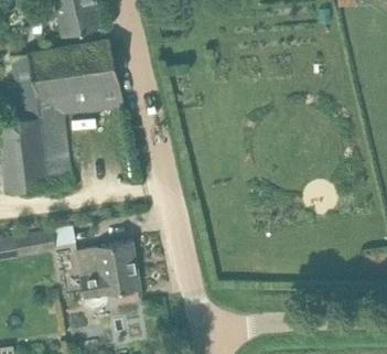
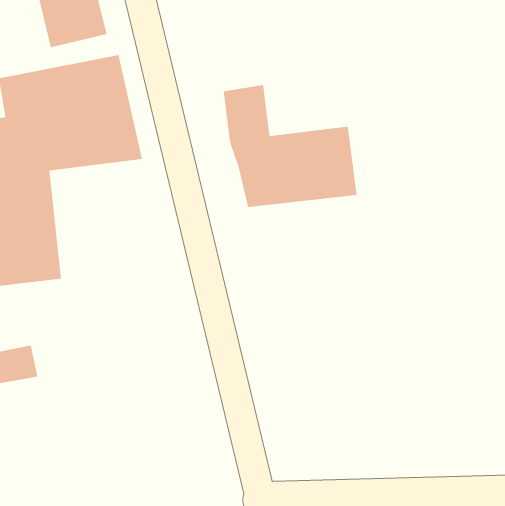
building: none -> [223,84,357,208]
building: [75,243,139,308] -> none

